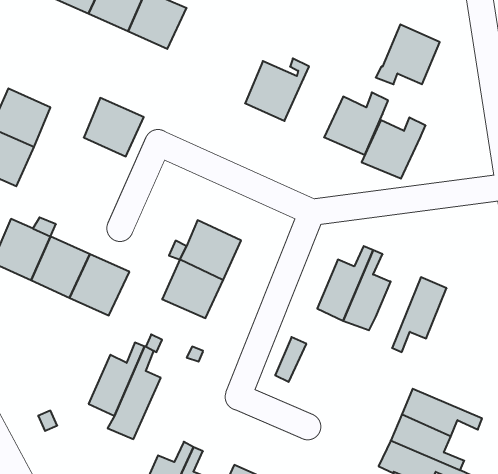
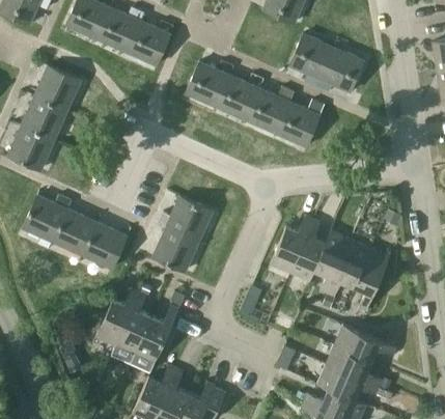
building: none -> [289,34,334,79]
building: none -> [186,62,229,107]
building: [84,98,144,156] -> [35,65,81,110]
building: [362,117,426,179] -> [246,86,295,133]
building: none -> [315,231,350,294]
building: none -> [354,248,390,310]
building: none -> [131,306,178,372]

